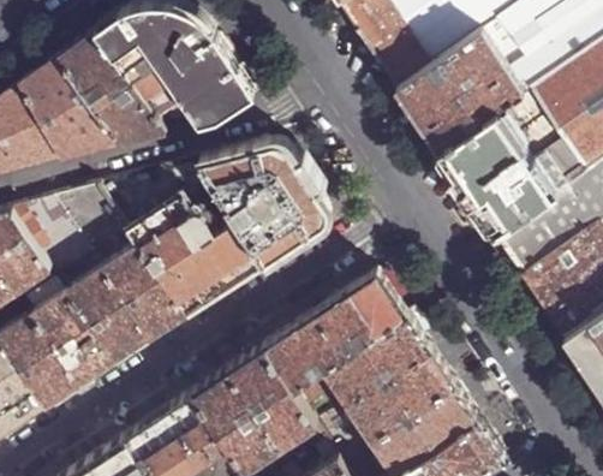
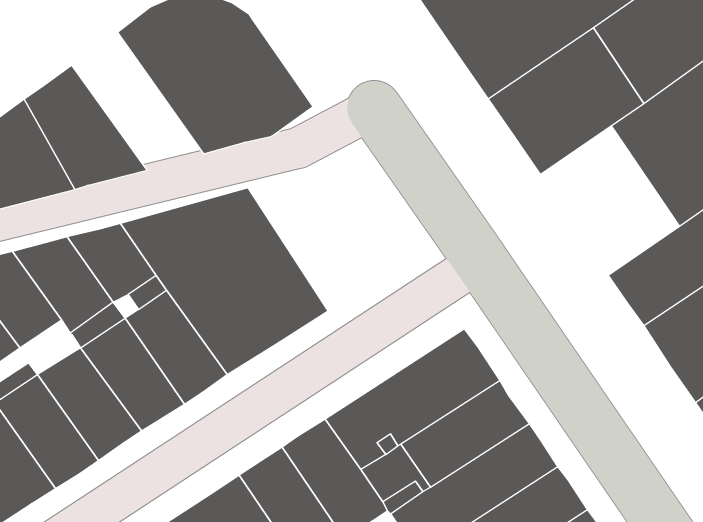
building: [61,36,168,148] -> none
building: [441,112,554,233] -> none
building: [204,145,326,262] -> none

